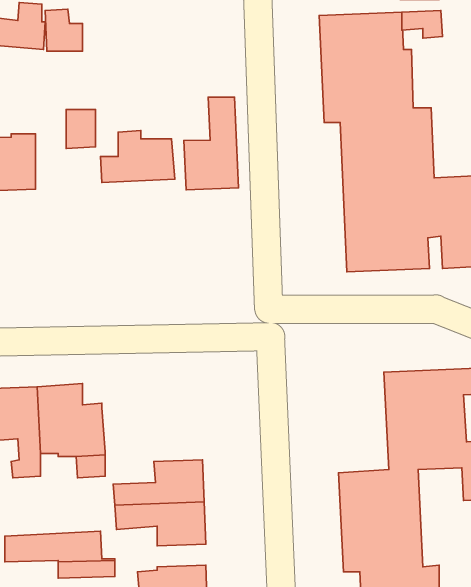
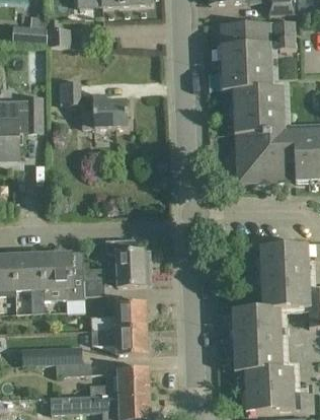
building: [184,97,238,190] -> none
building: none -> [106,239,149,286]
building: none -> [83,268,104,296]

